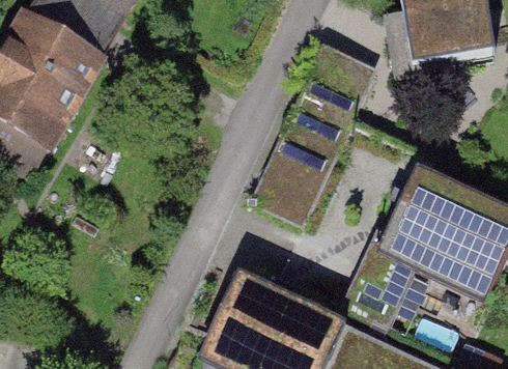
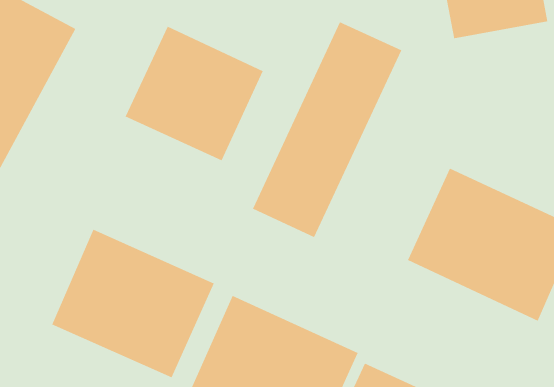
building: none -> [125,26,263,161]
building: none -> [52,229,215,378]

